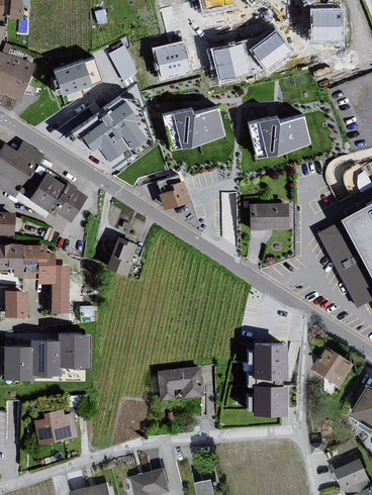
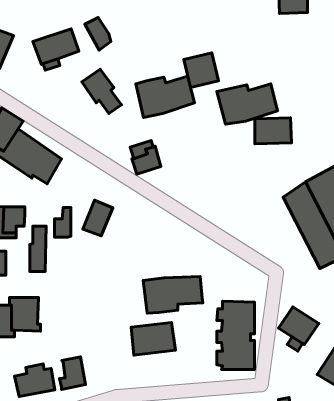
building: [253,32,291,70] -> none
building: [155,42,191,79] -> none
building: [213,43,250,80] -> [184,53,219,87]
building: [83,113,130,162] -> none
building: [250,203,288,230] -> [255,118,292,144]
building: [37,253,55,284] -> [54,207,71,237]
building: none -> [143,277,203,313]
building: [58,332,90,368] -> none
building: none -> [59,357,85,390]

